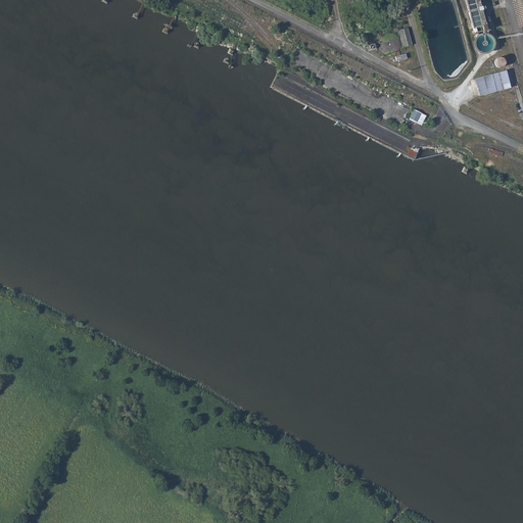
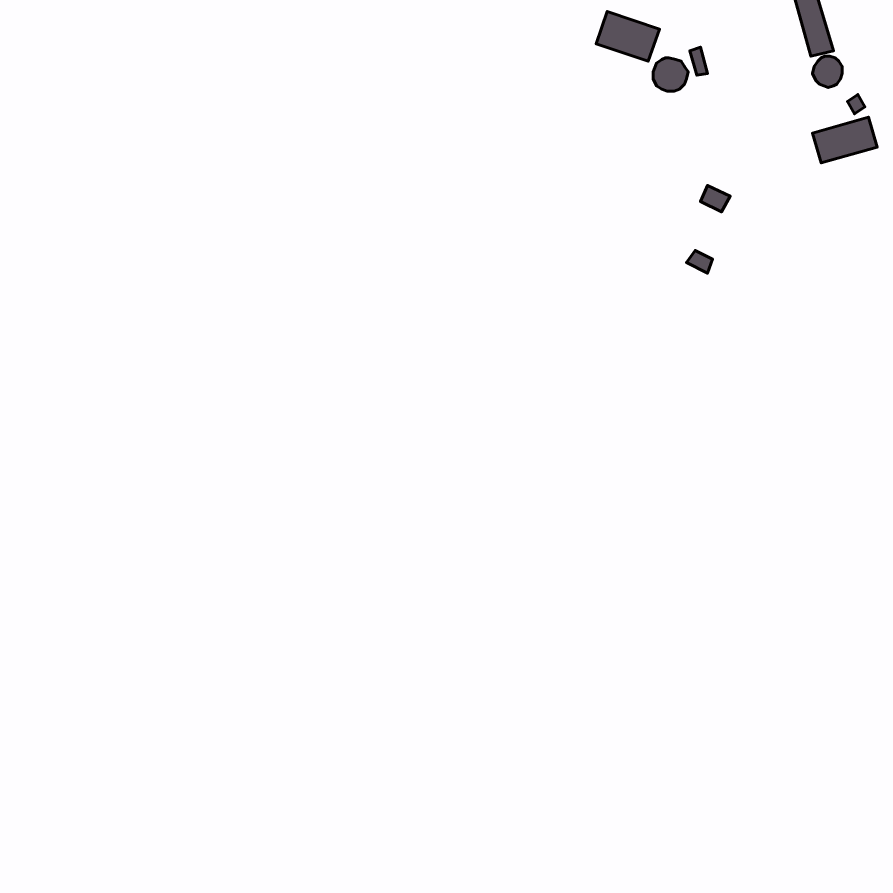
building: none -> [596,12,659,61]

